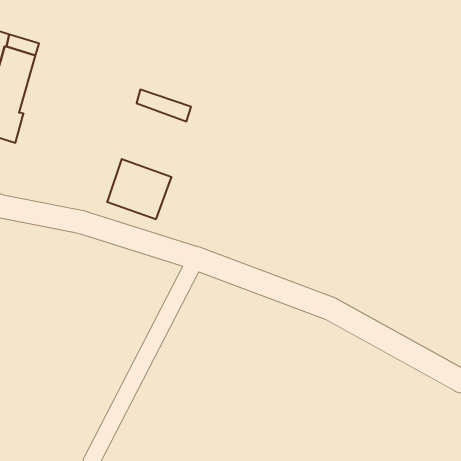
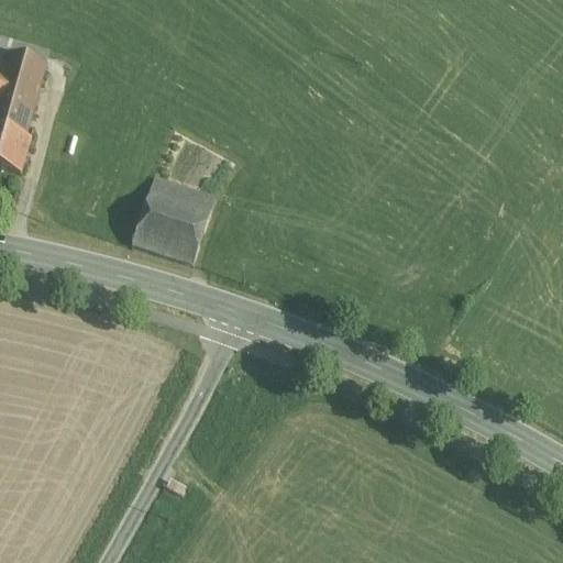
building: [137,90,191,121] -> [147,176,213,214]

